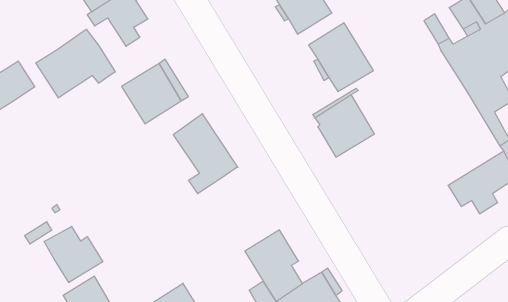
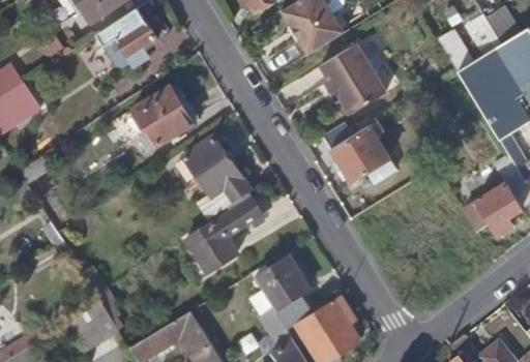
building: [36,29,115,98] -> none
building: none -> [184,190,260,271]
building: [44,226,103,283] -> none

